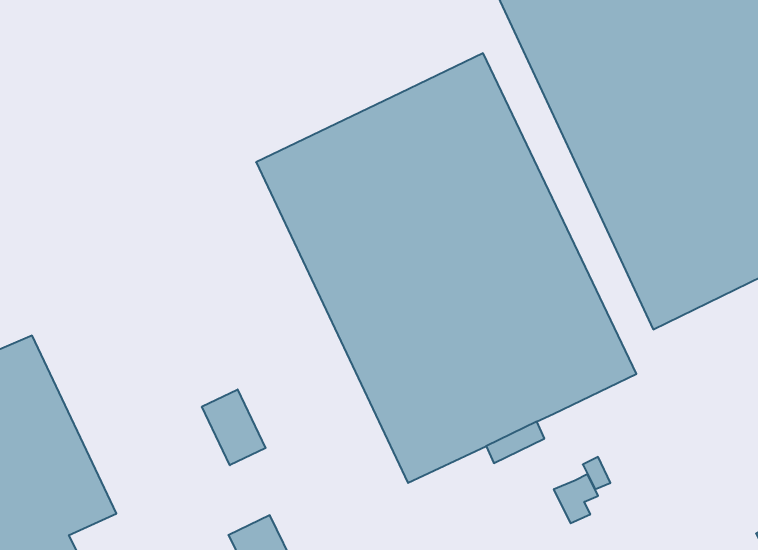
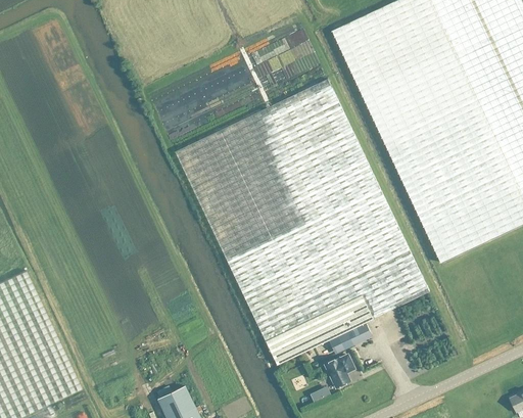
building: [202,389,266,465] -> none
building: [554,474,598,523] -> [325,355,354,387]

